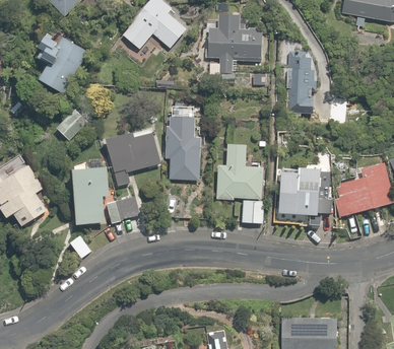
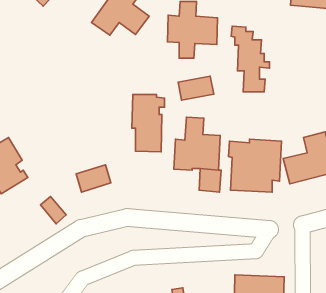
building: [39,33,78,92] -> none
building: none -> [178,76,214,100]
building: [56,108,88,142] -> none
building: [104,127,161,188] -> none
building: [72,166,108,223] -> none

